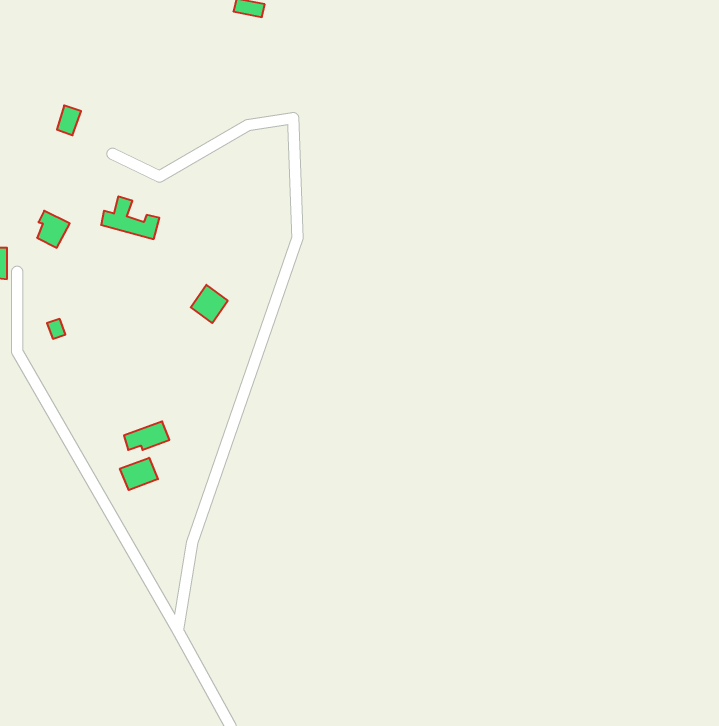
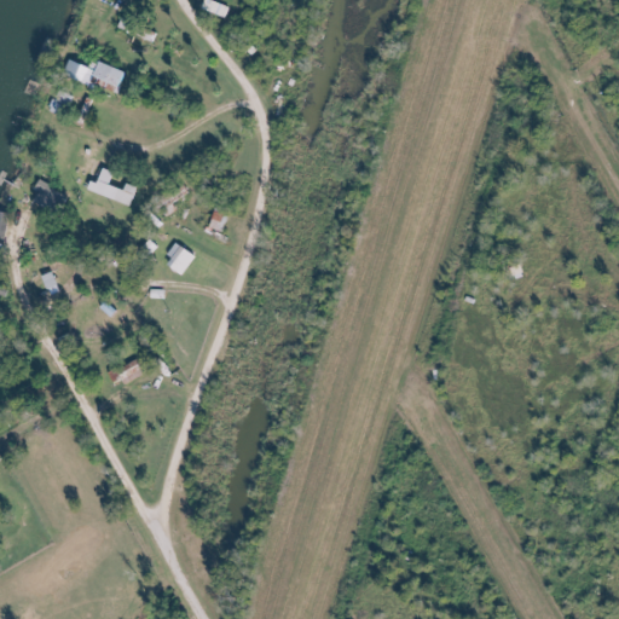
building: none -> [62,59,125,91]
building: [120,458,158,490] -> none

